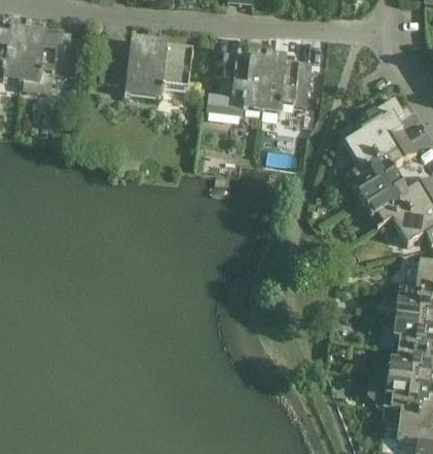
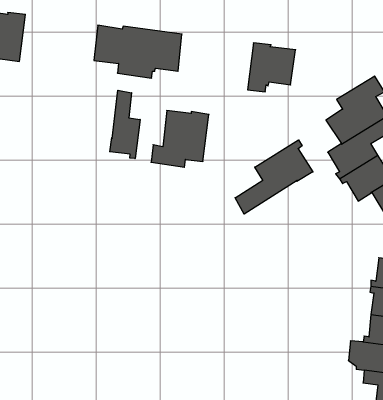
building: [23,29,72,91] -> none
building: [208,55,268,114] -> [151,111,209,167]
building: none -> [110,90,140,159]
building: none -> [235,140,313,214]

